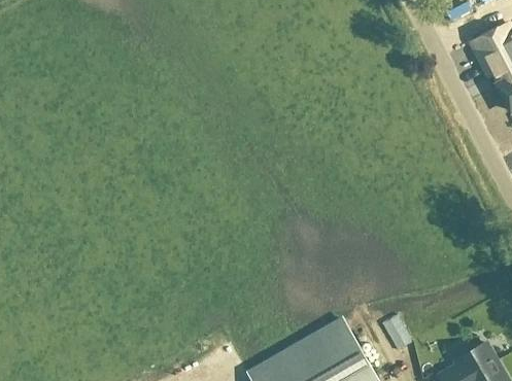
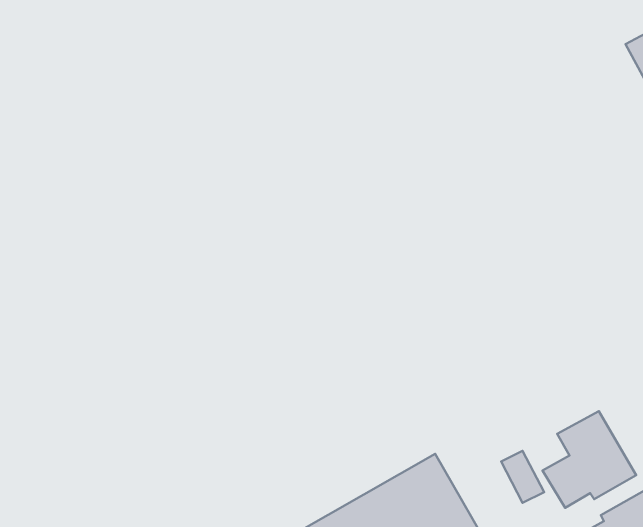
building: none -> [543,411,636,508]

